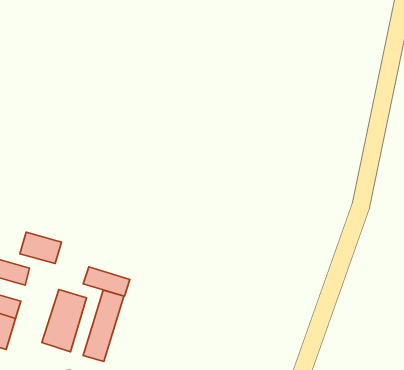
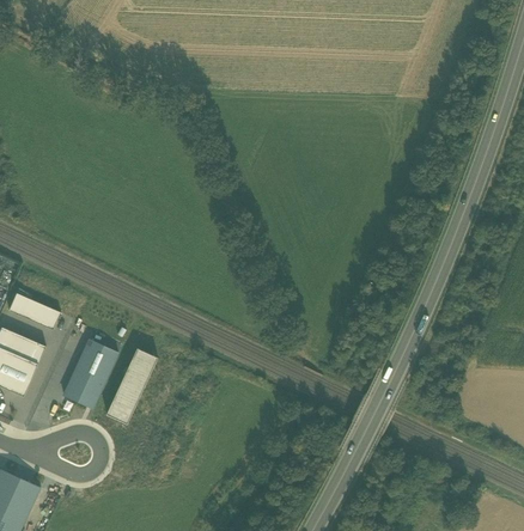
building: [20,232,62,264] -> none
building: [83,267,130,296] -> none

